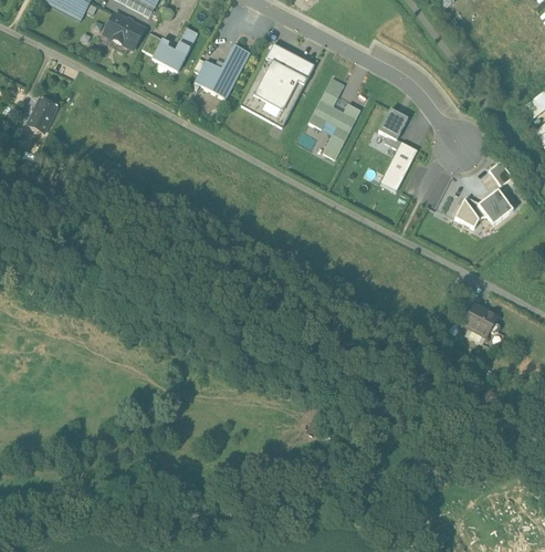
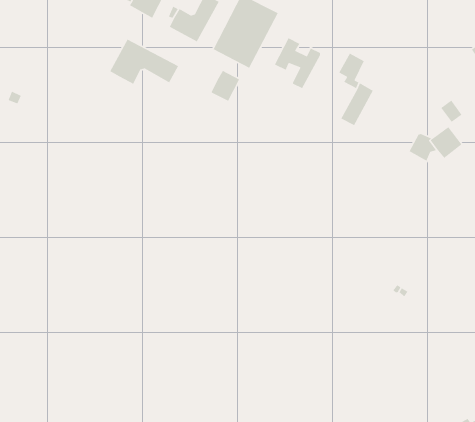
building: none -> [109,38,179,85]
building: [28,100,55,131] -> none
building: none -> [210,70,240,102]
building: [463,302,500,334] -> none

